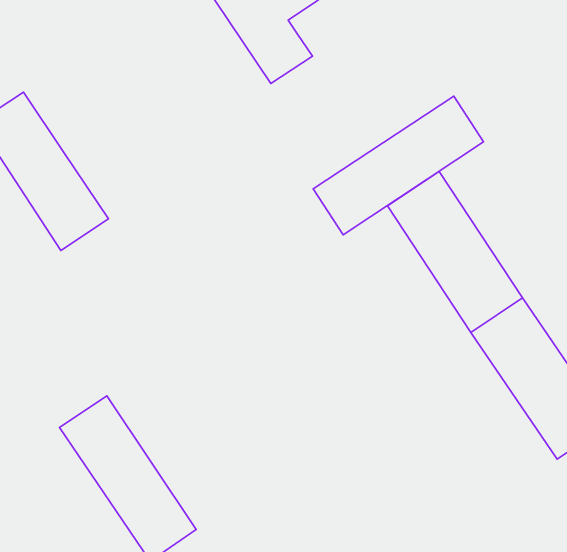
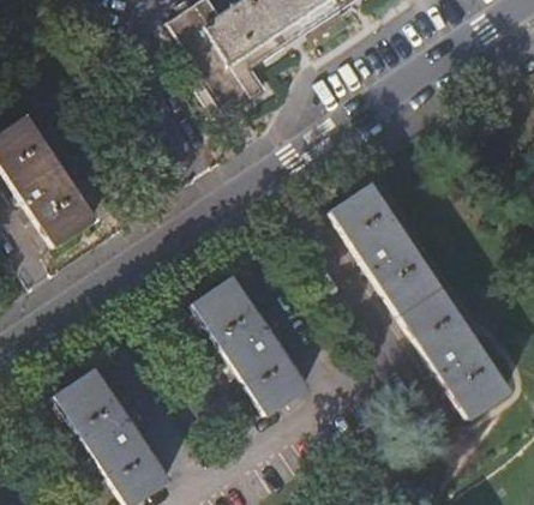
building: [313,96,484,235] -> none
building: none -> [192,277,307,415]

